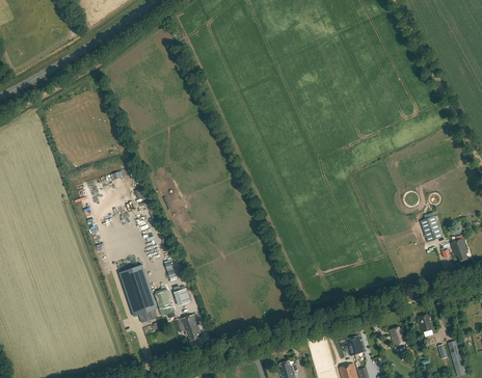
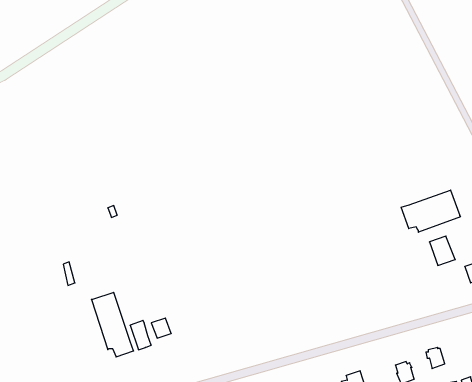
building: none -> [401,190,460,232]
building: [176,315,203,341] -> none

